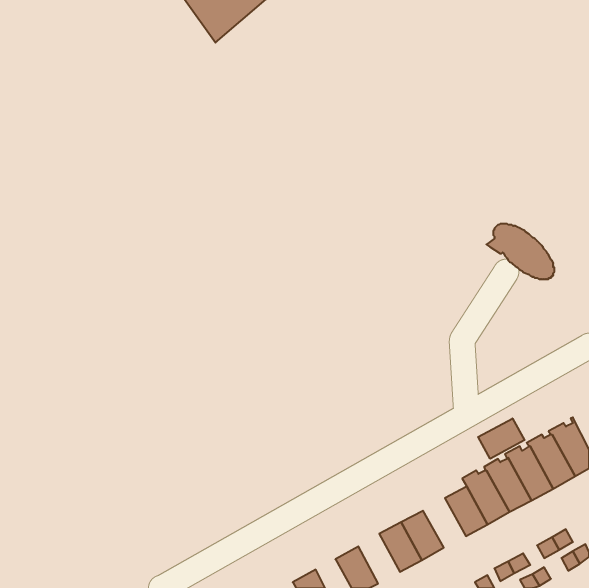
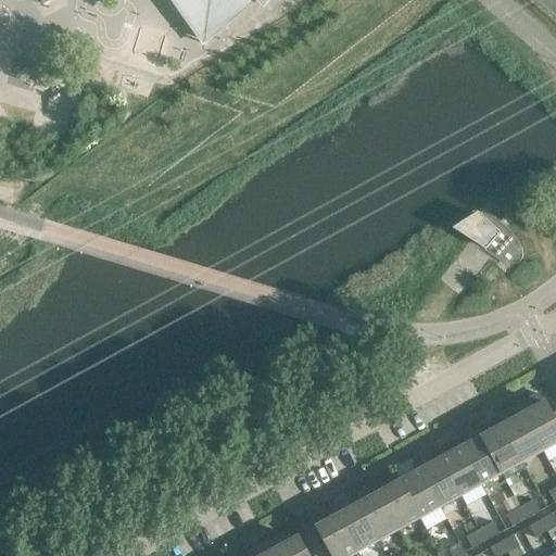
building: [478,418,525,459] -> none
building: none -> [399,469,439,516]
building: none -> [338,503,377,549]

